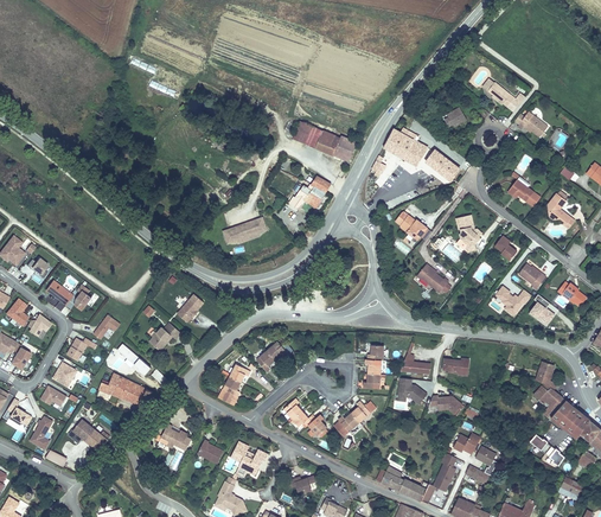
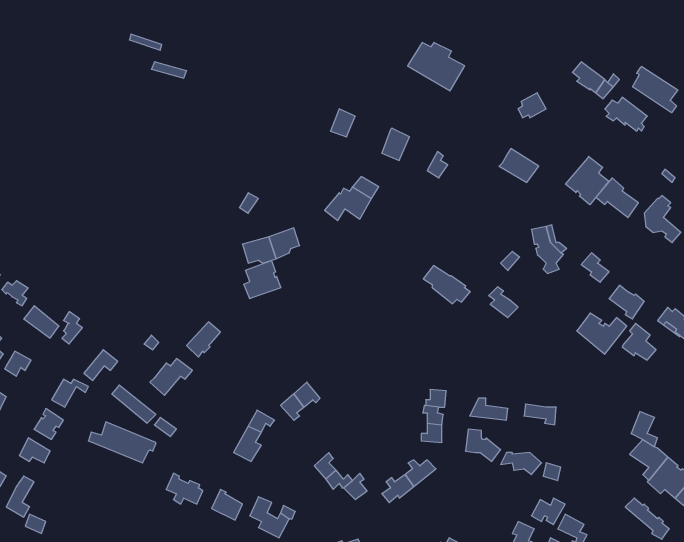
building: none -> [633,66,678,113]
building: [306,127,341,157] -> none
building: [383,128,429,167] -> [408,42,465,91]
building: none -> [565,156,609,205]
building: [395,211,433,242] -> [423,266,470,304]
building: none -> [244,261,281,299]
building: [71,419,110,452] -> none

